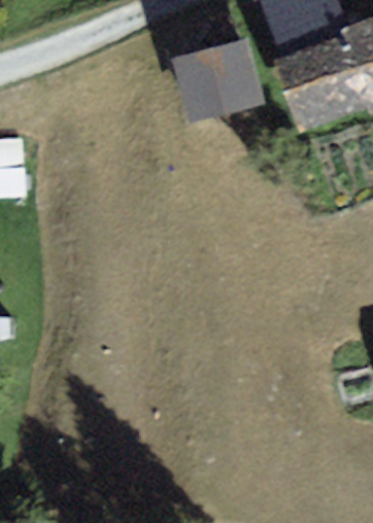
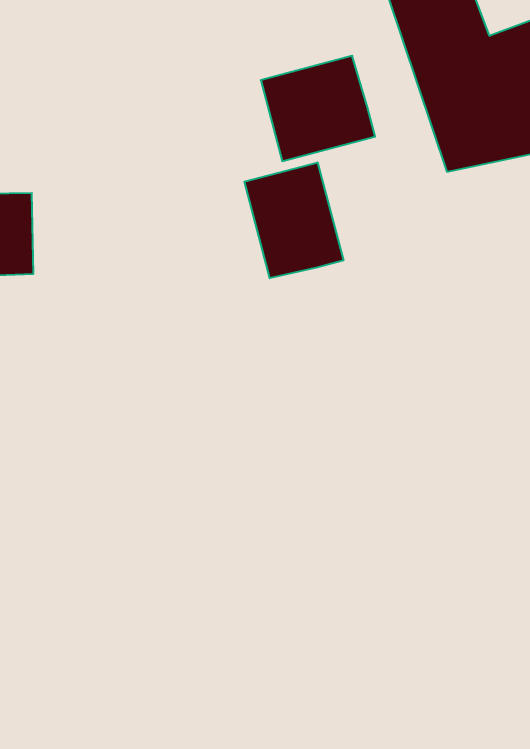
building: none -> [244,162,343,278]

